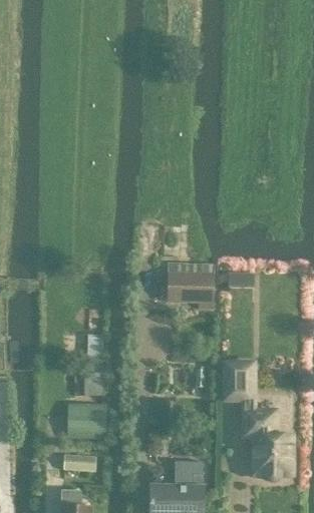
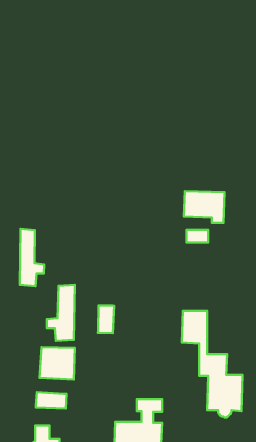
building: none -> [20,229,44,286]
building: [167,274,212,309] -> [184,191,224,223]
building: none -> [98,305,114,333]

